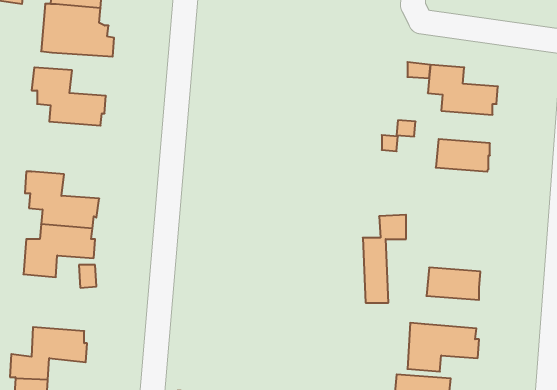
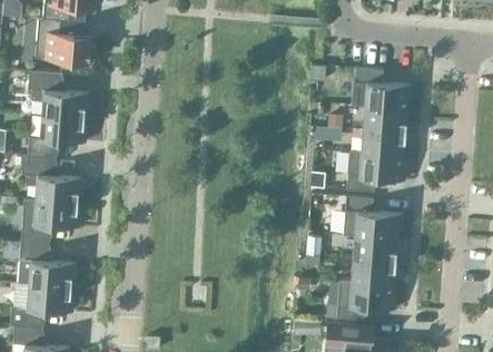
building: none -> [363,106,407,133]
building: none -> [28,115,87,158]
building: none -> [346,151,405,192]
building: none -> [345,196,402,238]
building: none -> [18,241,77,287]
building: none -> [352,258,396,285]

